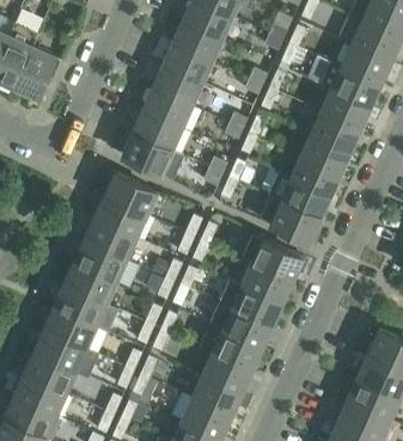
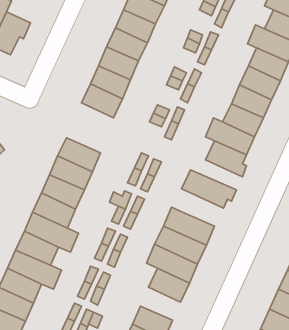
building: [103,171,155,215] -> none
building: [243,263,292,302] -> none
building: [193,375,240,415] -> none

